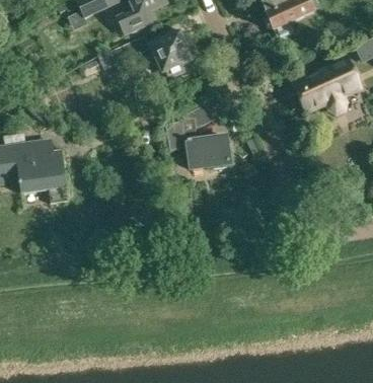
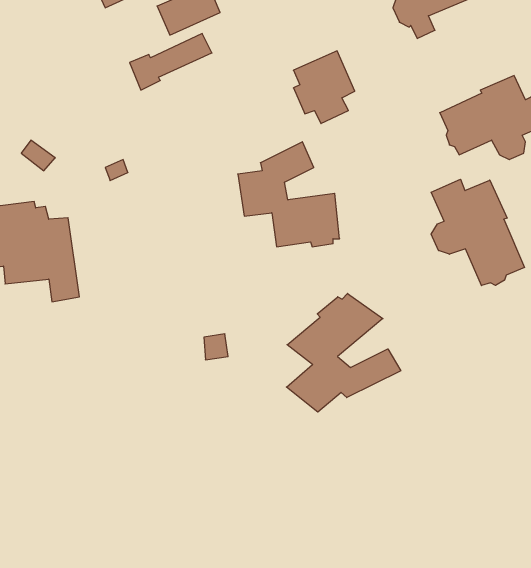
building: [151,32,190,78] -> [293,51,355,124]
building: none -> [431,179,524,286]
building: none -> [286,293,401,412]

